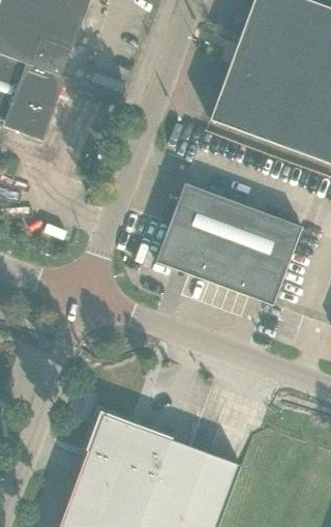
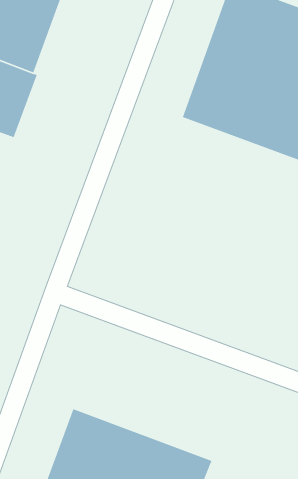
building: [155,182,302,304] -> none

